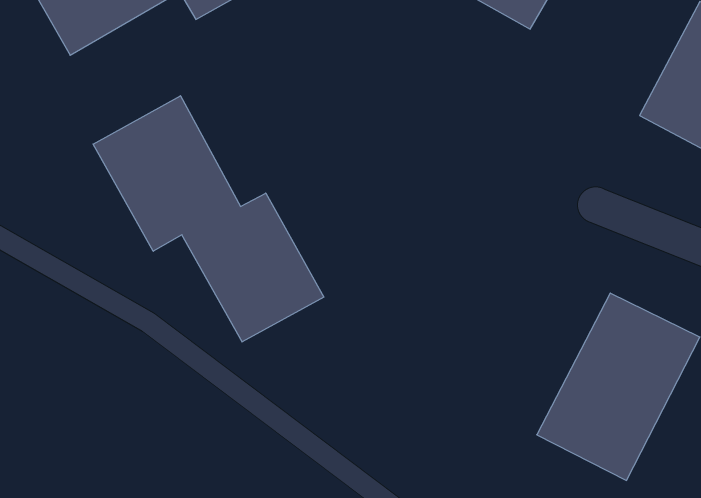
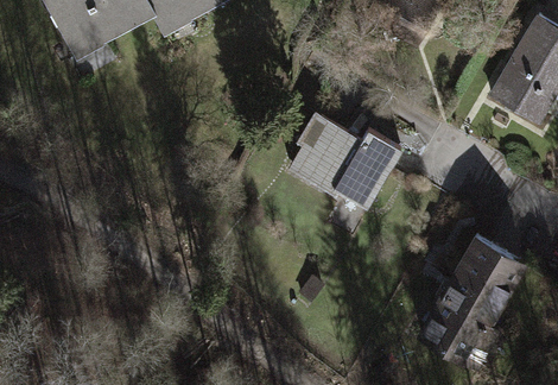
building: [93,96,324,342] -> none
building: none -> [290,115,399,209]

